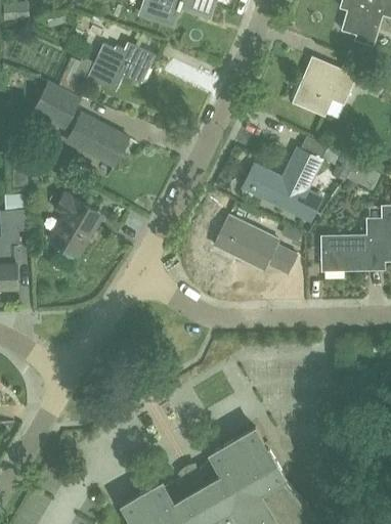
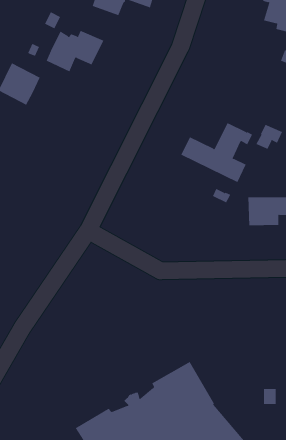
building: [294,62,354,119] -> none
building: [67,114,128,166] -> none
building: [48,191,102,257] -> none
building: [213,216,298,275] -> none

